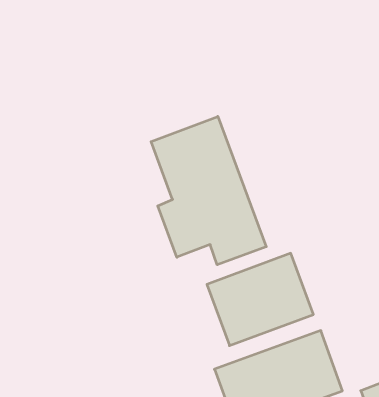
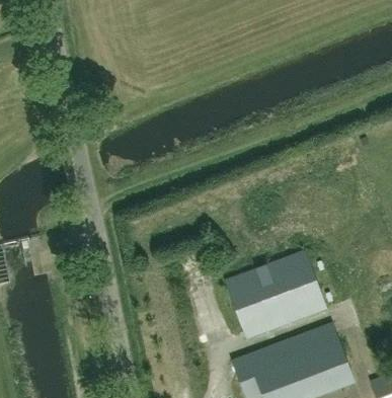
building: [151,116,266,265] -> none

